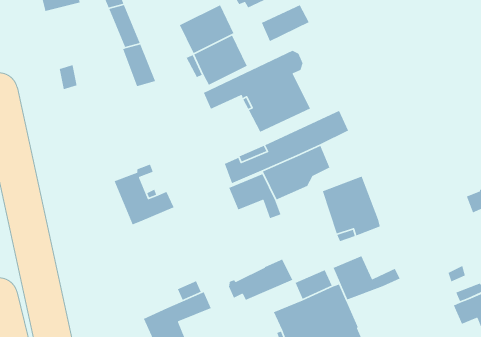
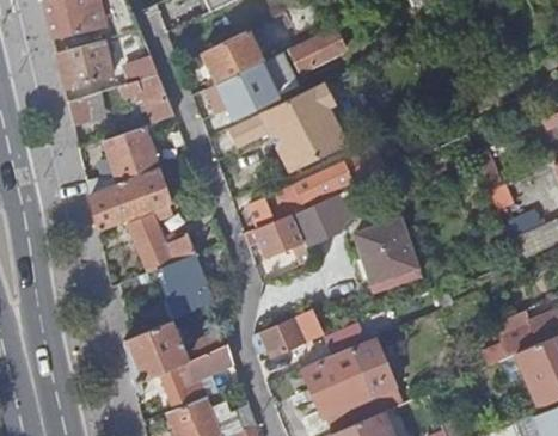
building: none -> [56,41,112,87]
building: none -> [86,128,171,232]
building: none -> [160,254,214,318]
building: [332,255,401,301] -> none
building: none -> [124,321,186,386]

